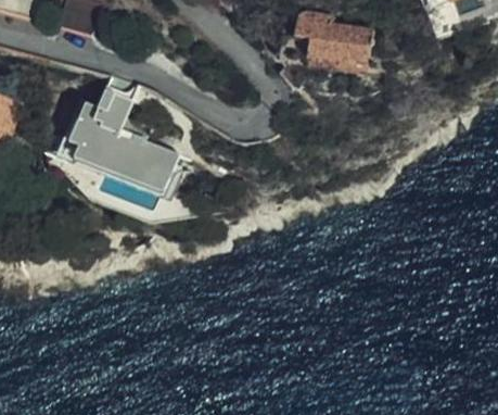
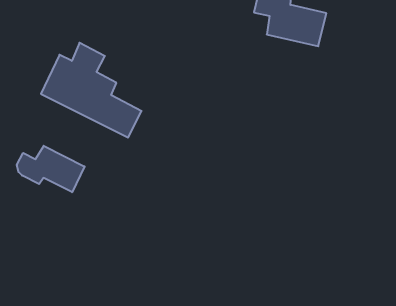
building: none -> [17,146,85,192]

